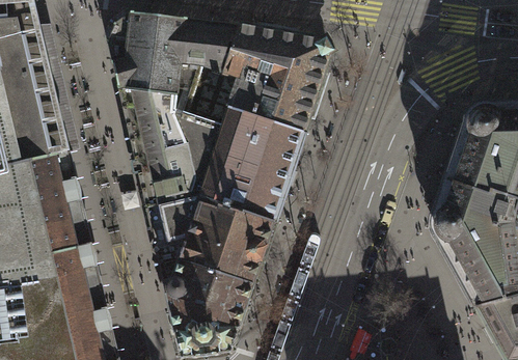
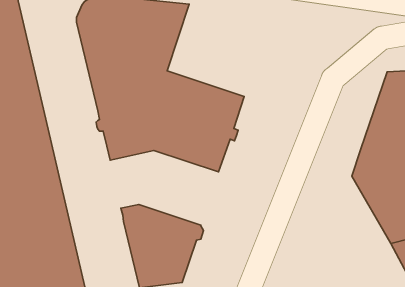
building: [214,22,335,130] -> none
building: [147,193,274,280] -> none

